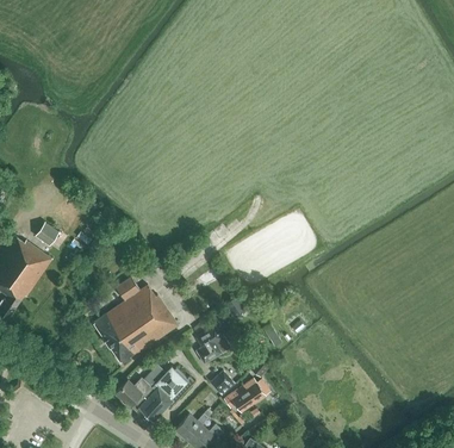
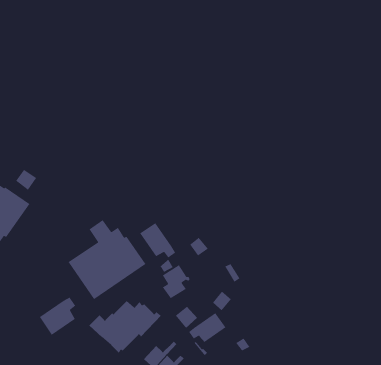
building: none -> [139,222,176,258]
building: none -> [39,296,76,336]

